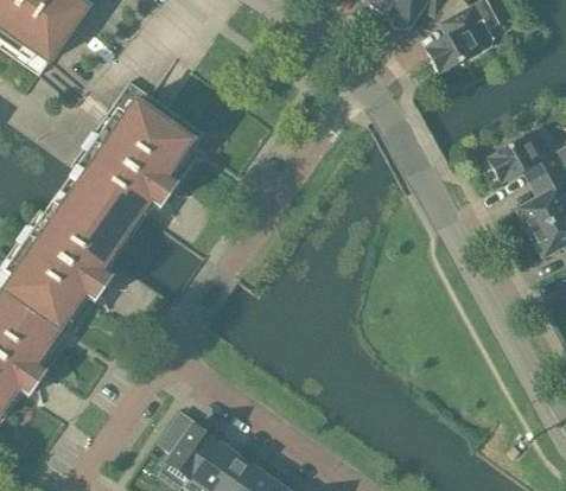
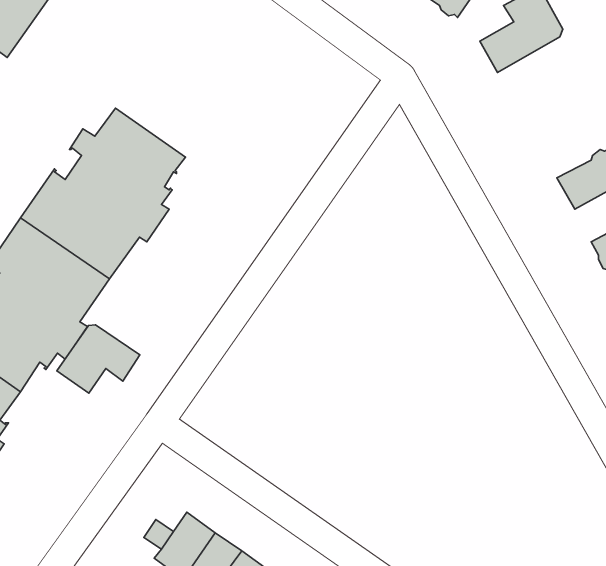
building: none -> [57,325,140,393]

